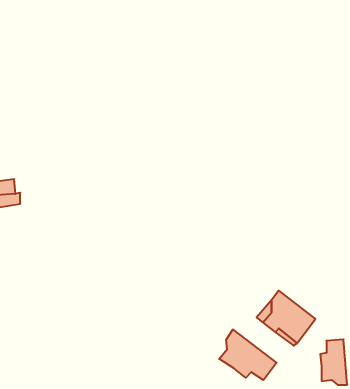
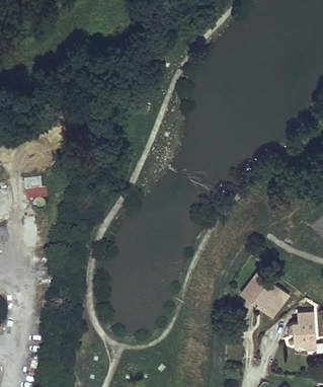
building: [219,329,277,380] -> none

